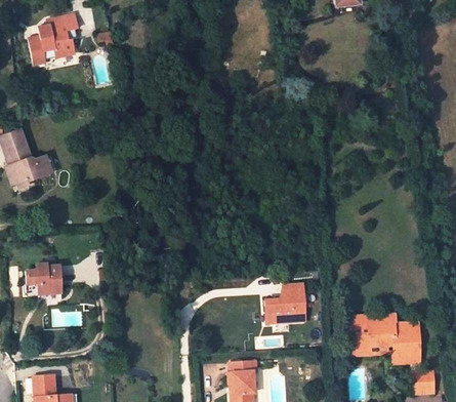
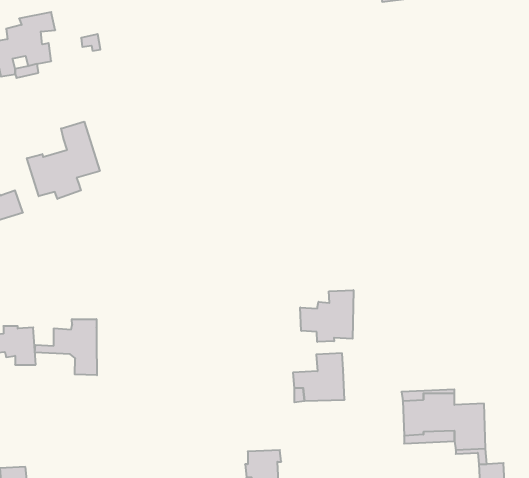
building: none -> [27,122,100,199]
building: none -> [300,290,353,342]
building: none -> [35,319,97,375]

